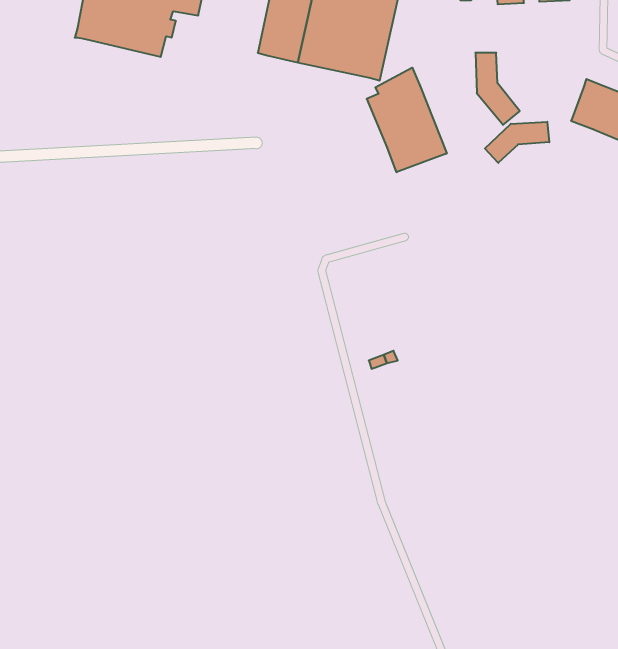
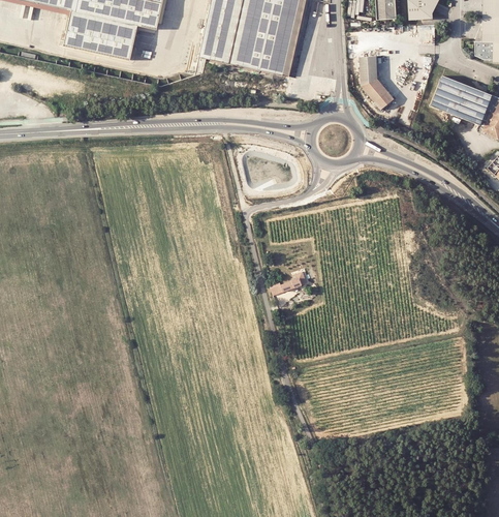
building: [367,68,447,172] -> none
building: [485,122,549,163] -> none

